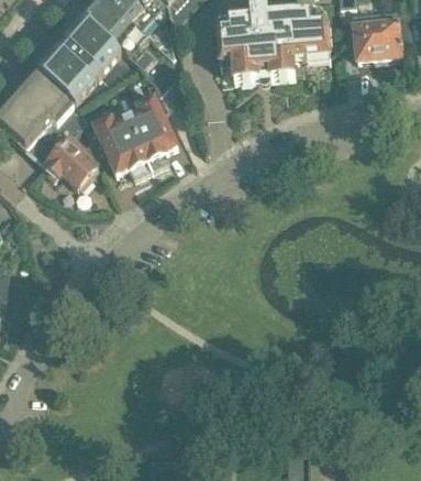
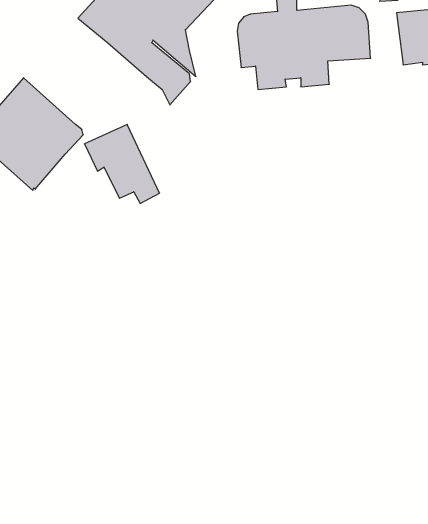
building: [34,18,139,108] -> none
building: [122,94,176,166] -> none
building: [41,133,97,183] -> none

